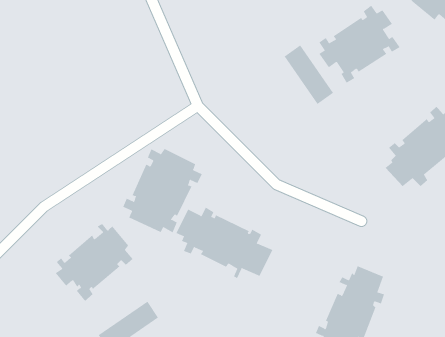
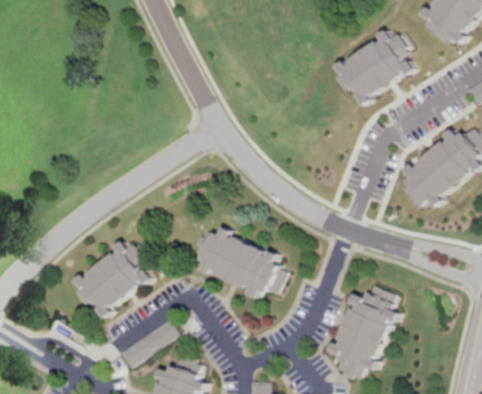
building: [284,45,334,105] -> none
building: [122,148,203,233] -> none

